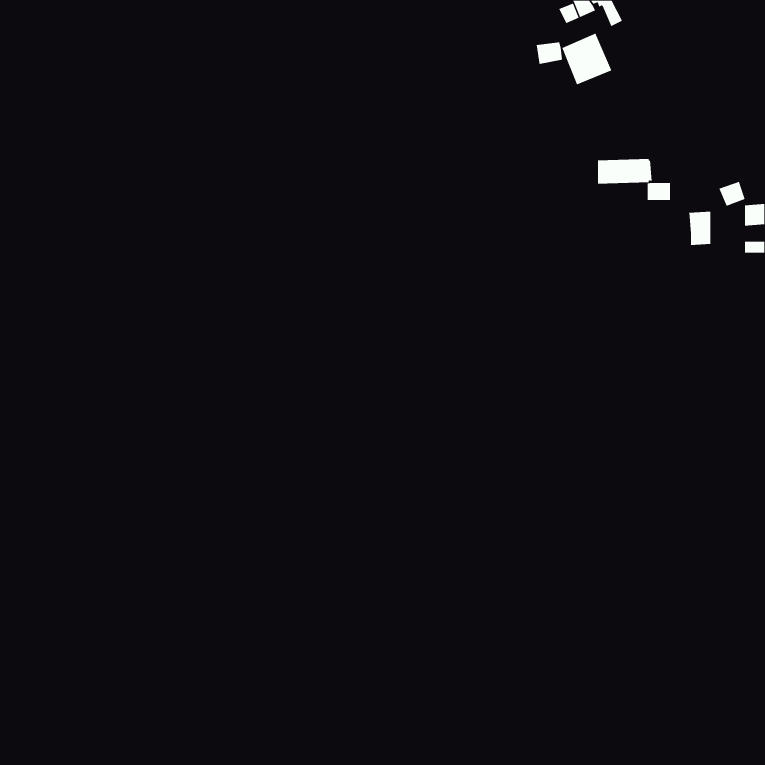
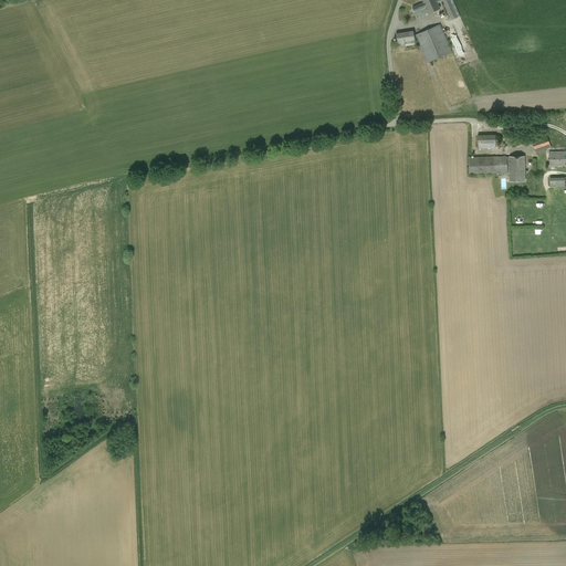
building: [597,159,652,184] -> [469,156,510,175]

